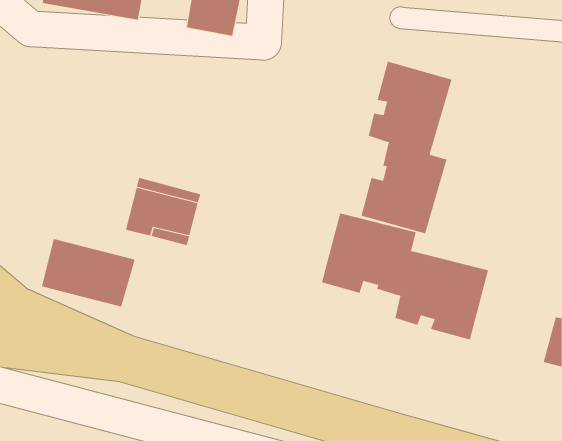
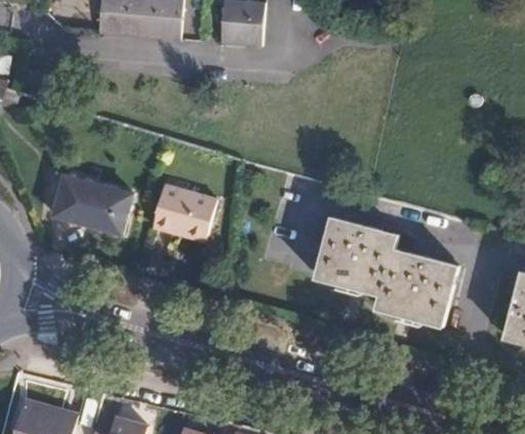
building: [361,61,452,234] -> none
building: [41,239,135,307] -> [54,176,133,234]

